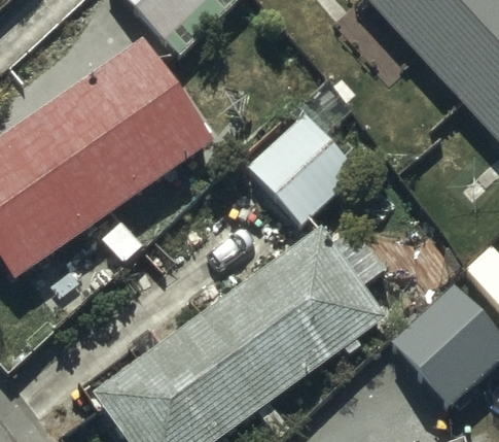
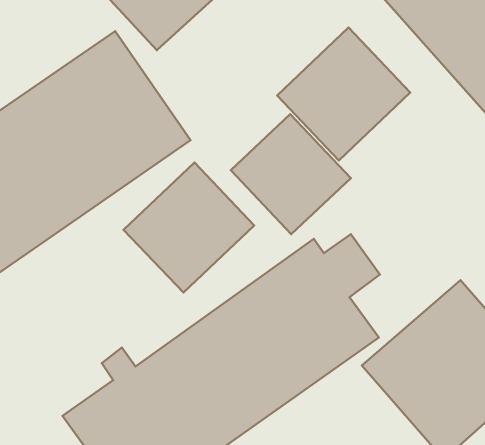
building: none -> [277,28,410,160]
building: none -> [124,163,254,293]

